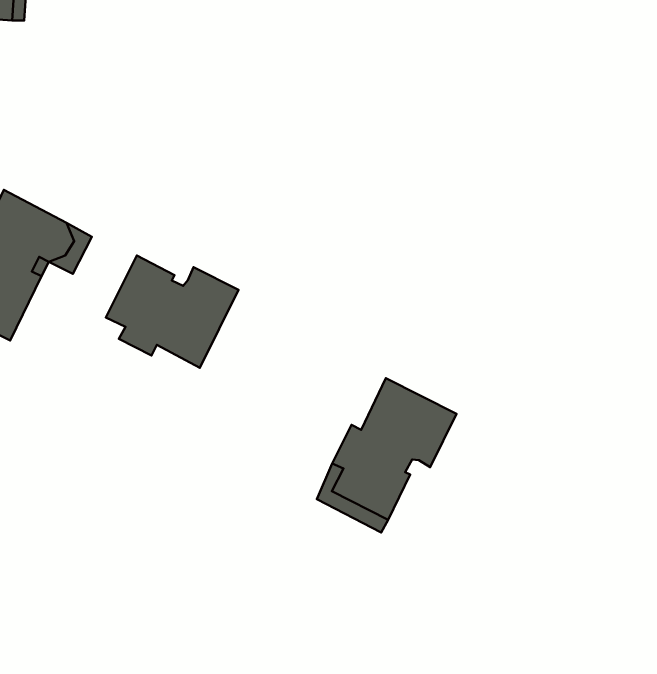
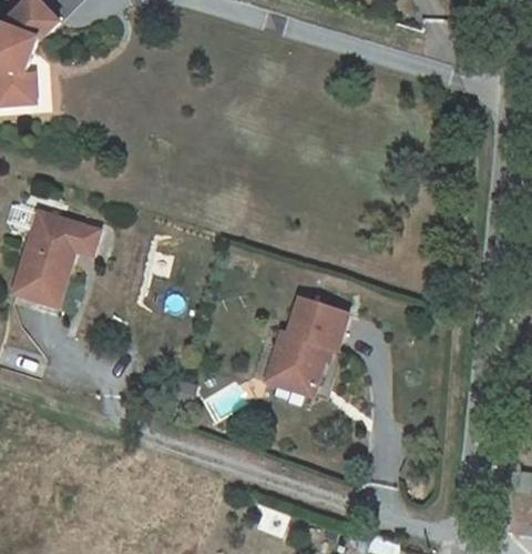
building: [106,255,239,368] -> none

